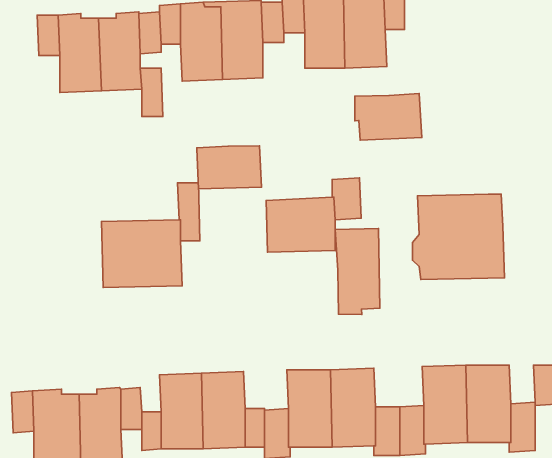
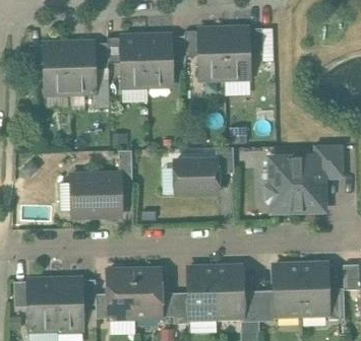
building: [355,93,422,140] -> none
building: [197,146,262,189] -> none
building: none -> [314,144,344,178]
building: [335,229,380,315] -> none

